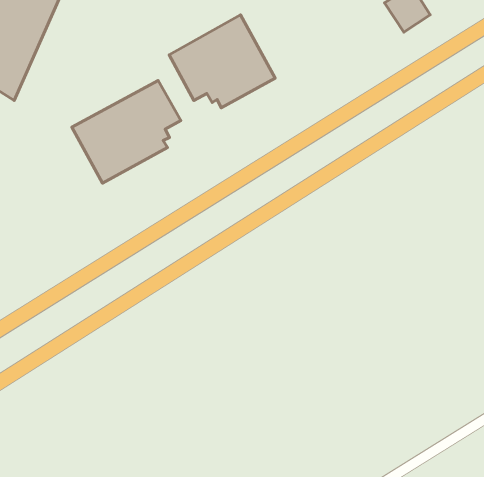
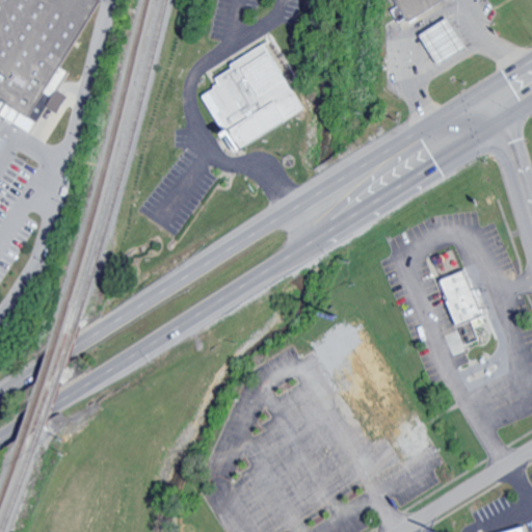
building: [72,80,181,183] -> none
building: none -> [433,267,476,321]

